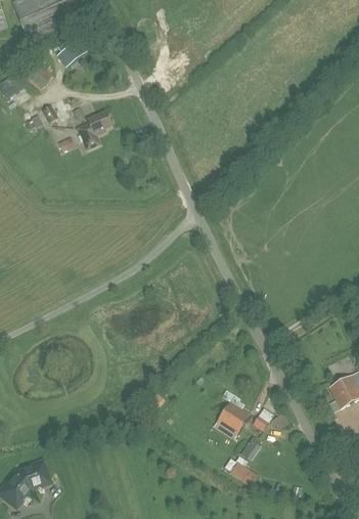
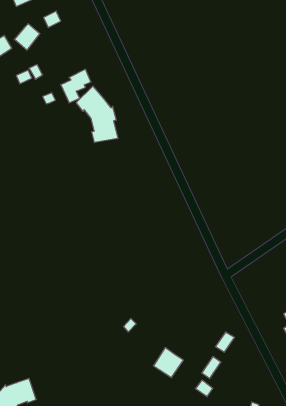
building: none -> [76,86,118,143]
building: [217,400,251,434] -> [153,348,183,378]

